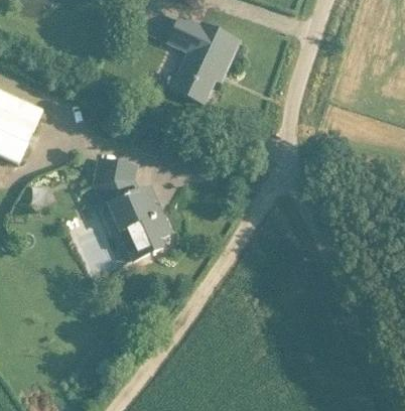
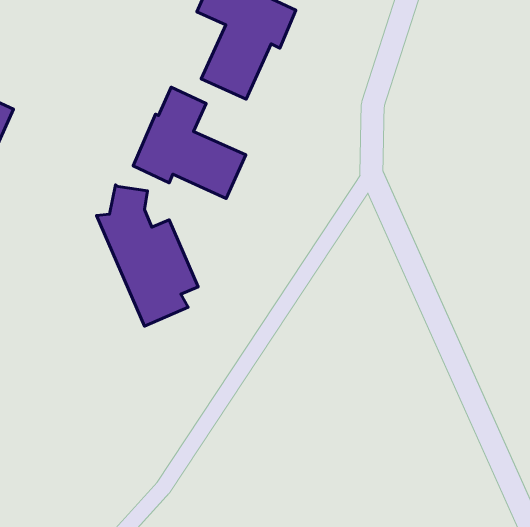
building: none -> [133,87,246,199]

